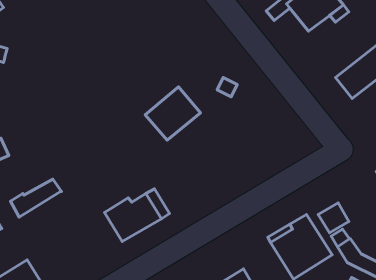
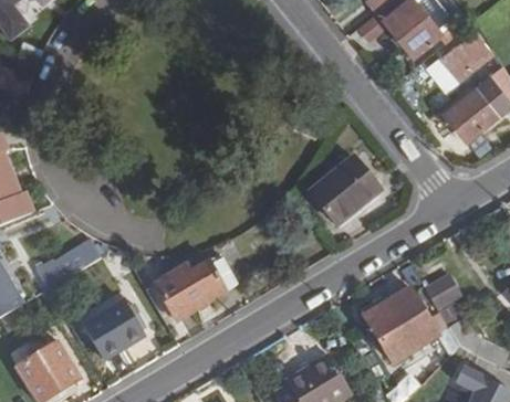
building: none -> [443,33,487,80]
building: [145,87,201,140] -> [310,156,379,223]
building: none -> [84,302,143,358]

